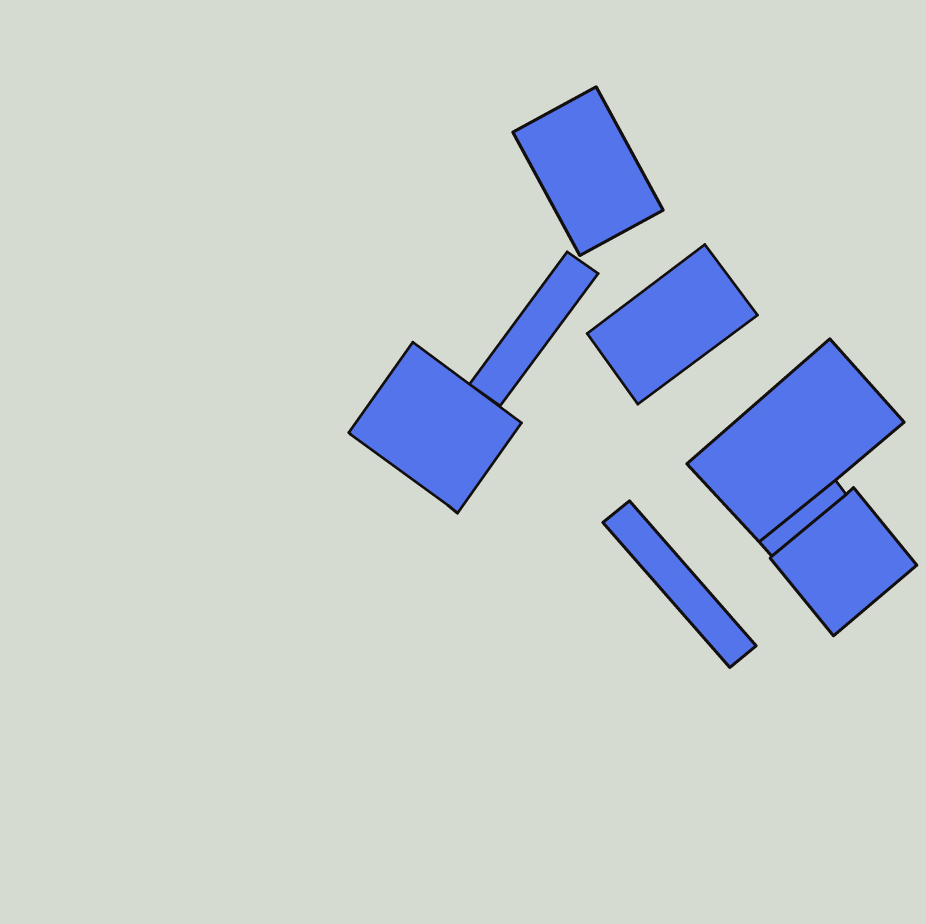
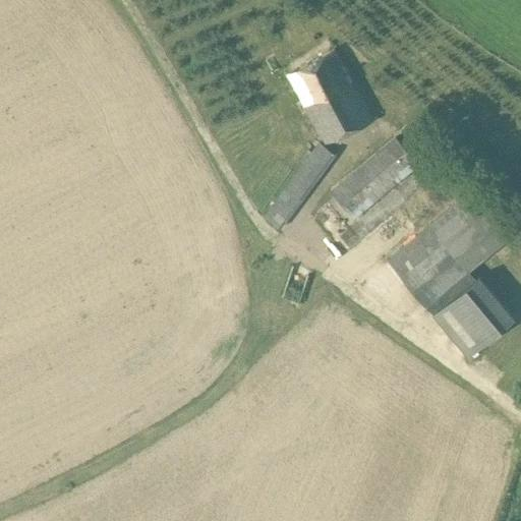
building: [349,342,522,513] -> none
building: [603,501,756,668] -> none

